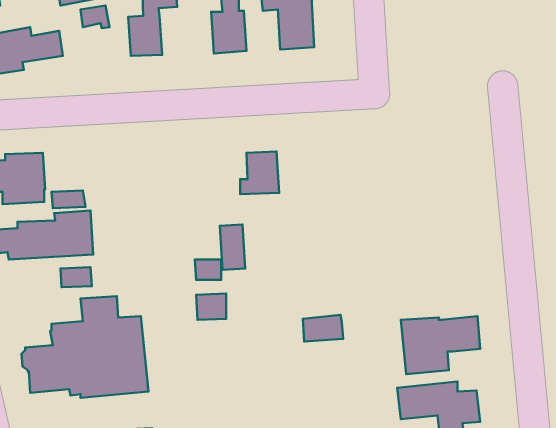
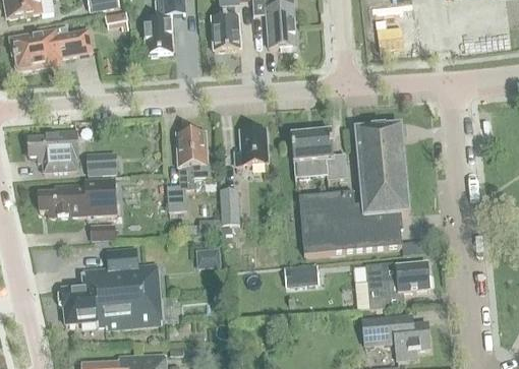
building: none -> [298,124,408,255]
building: none -> [290,130,347,178]
building: none -> [168,133,209,210]

